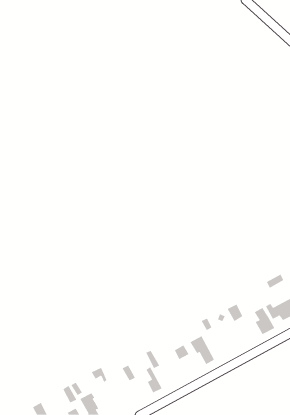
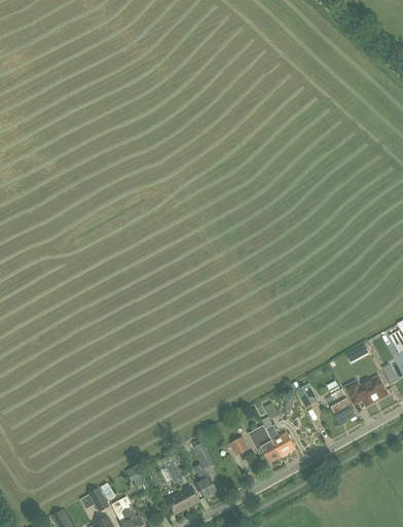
building: none -> [265,425,296,456]
building: none -> [166,486,198,515]

